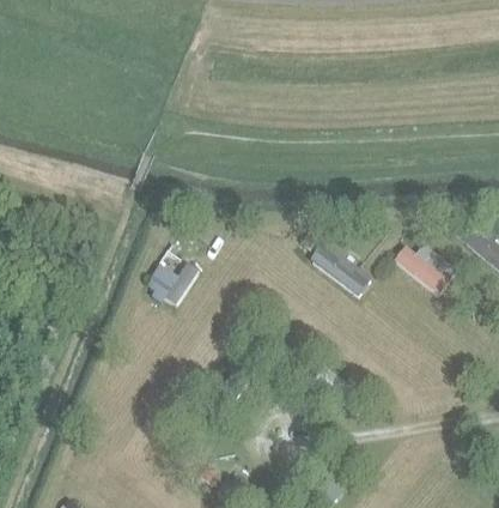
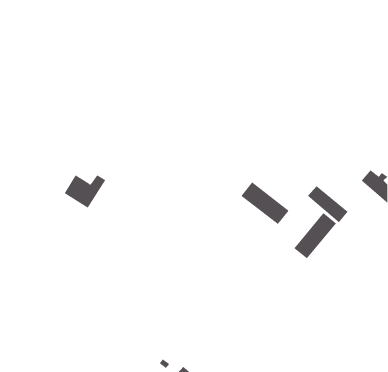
building: [151,260,205,303] -> [64,175,106,208]
building: none -> [293,212,337,259]

